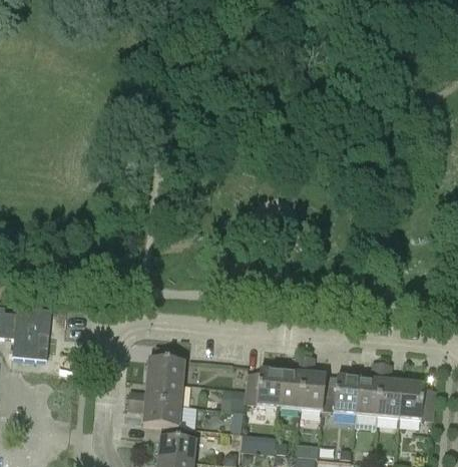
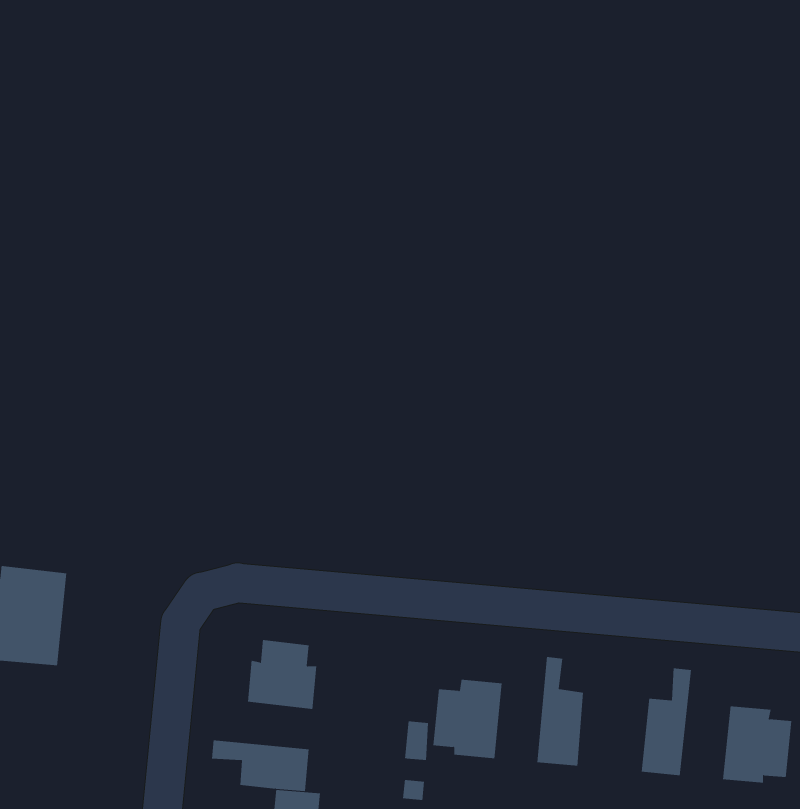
building: [279,354,306,411] -> none
building: [377,362,403,420] -> none
building: [323,374,360,416] -> none
building: [129,379,182,404] -> none

